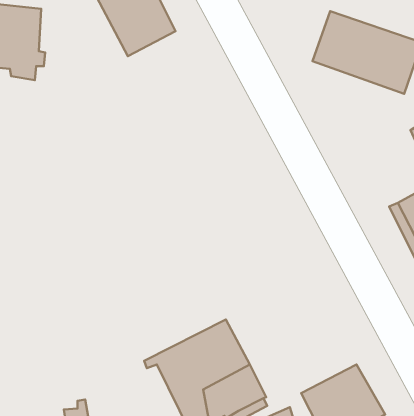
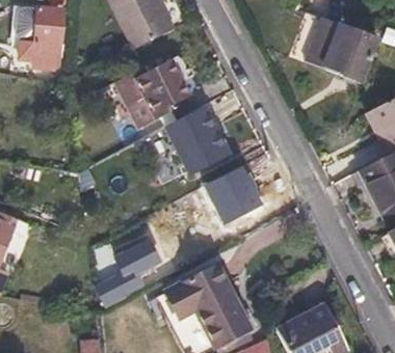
building: none -> [115,57,189,128]
building: none -> [168,106,227,170]
building: none -> [204,165,261,223]
building: none -> [99,248,158,308]

